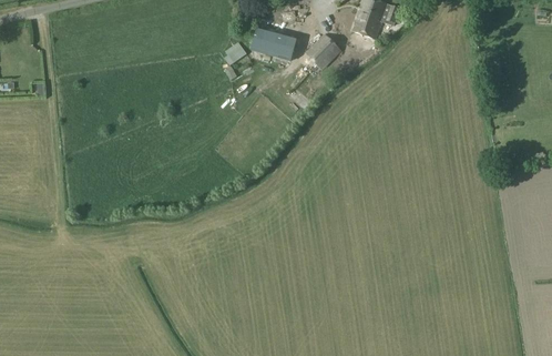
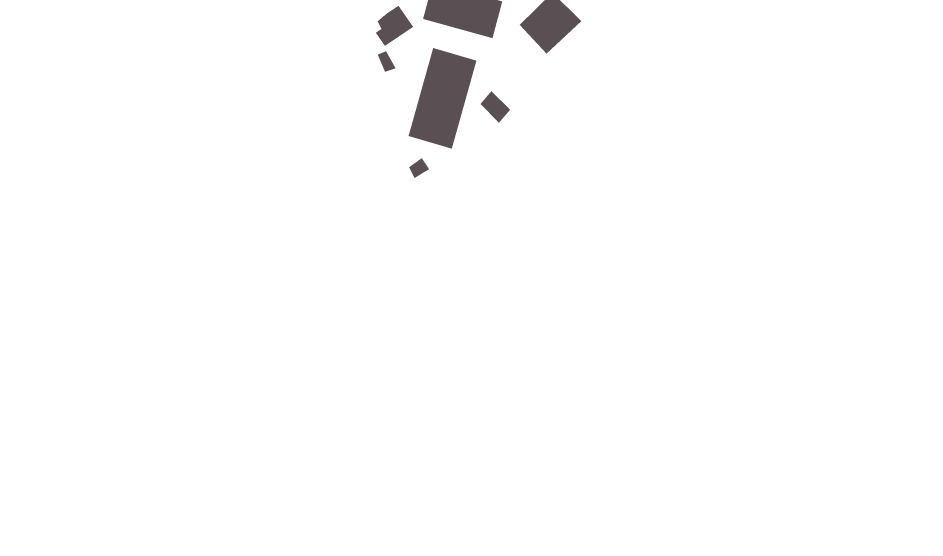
building: none -> [408,47,477,150]

